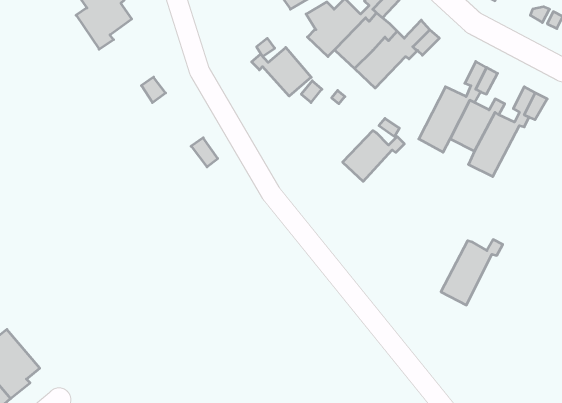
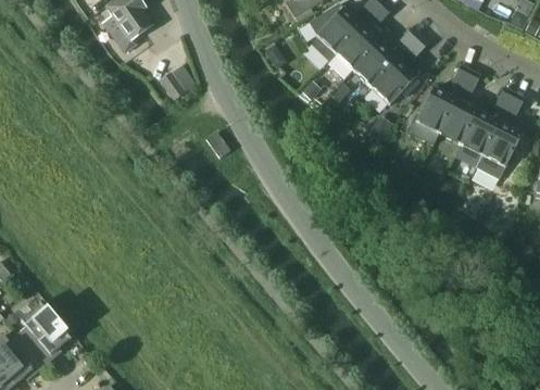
building: [252,47,311,96] -> none
building: [343,131,404,181] -> [371,59,426,104]
building: [441,240,503,305] -> [476,119,531,178]

